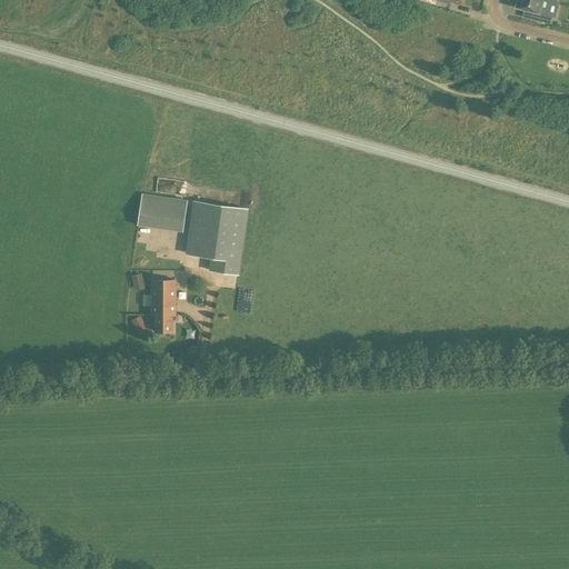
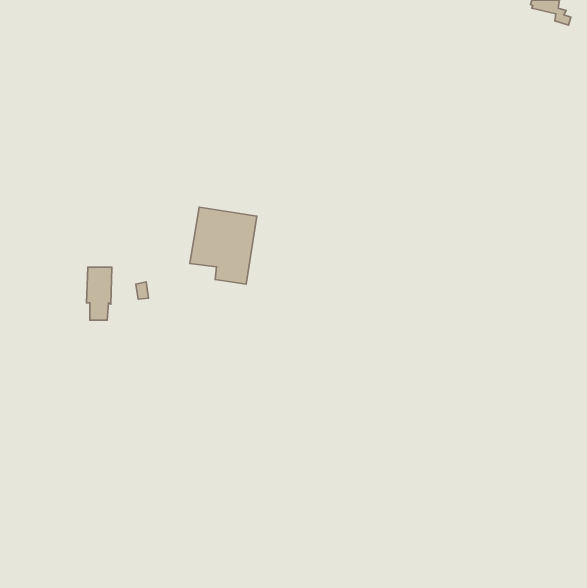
building: [136,194,184,232] -> none
building: [150,280,174,331] -> [87,267,112,320]

